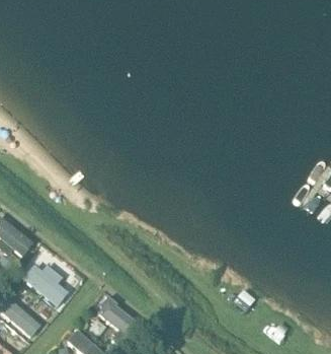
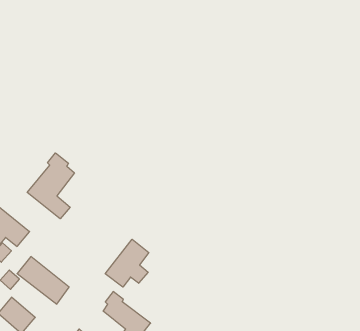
building: none -> [27,153,74,219]
building: none -> [105,239,149,287]

